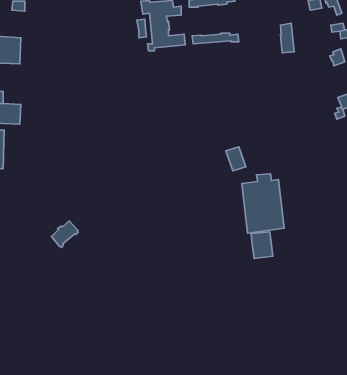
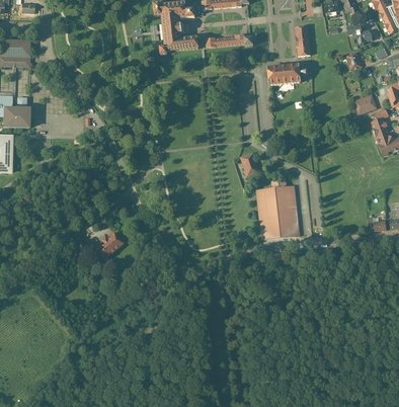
building: none -> [266,64,300,85]
building: [51,221,78,247] -> [94,230,122,257]
building: [251,232,273,259] -> none

